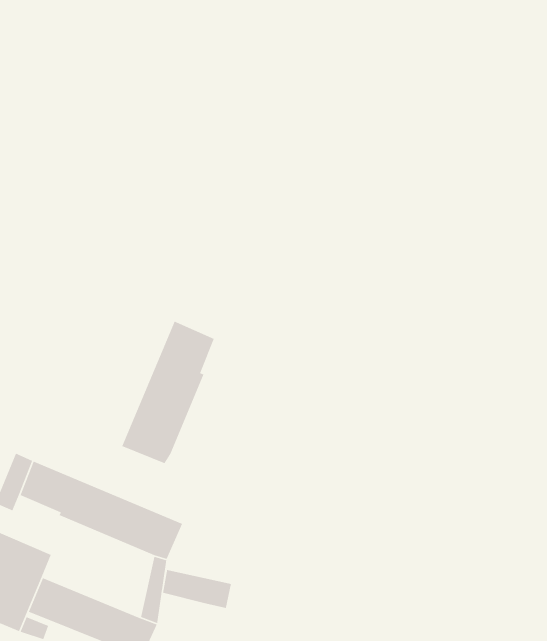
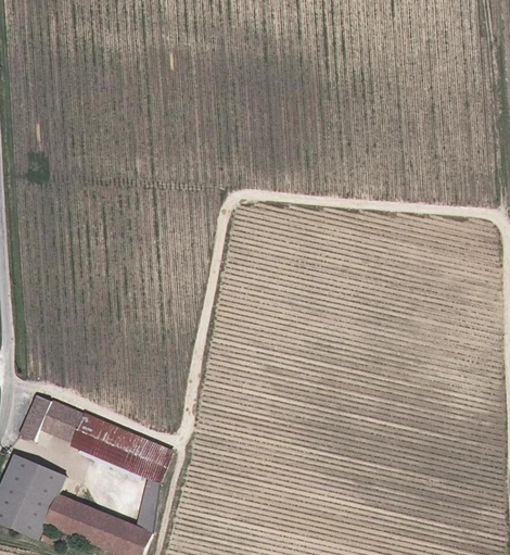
building: [121,321,215,464] -> none
building: [162,569,232,609] -> none

